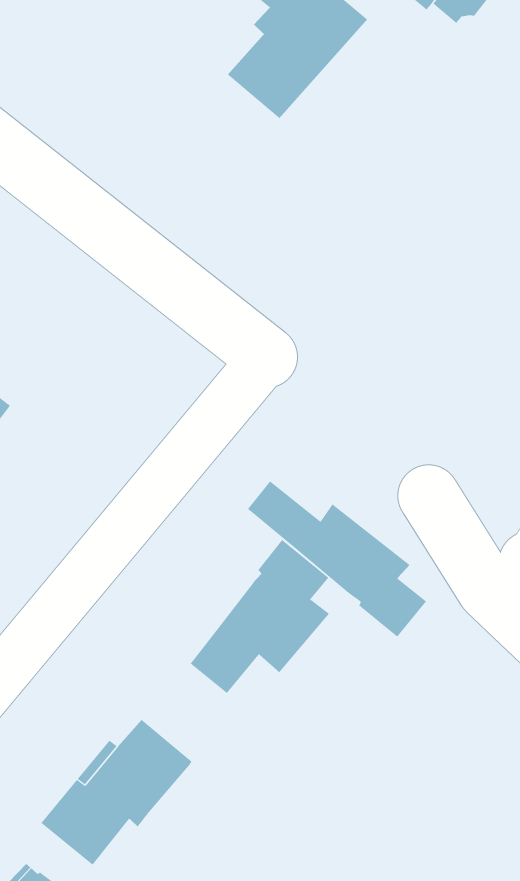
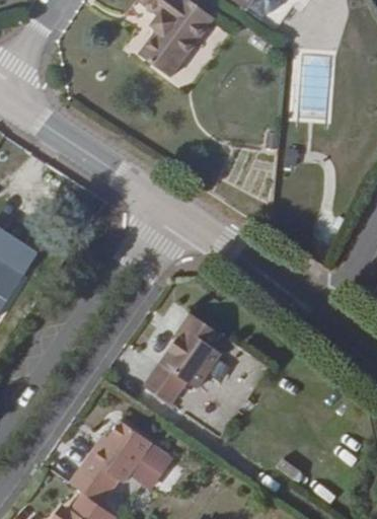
building: [247,480,427,638] -> none
building: none -> [132,444,172,488]

